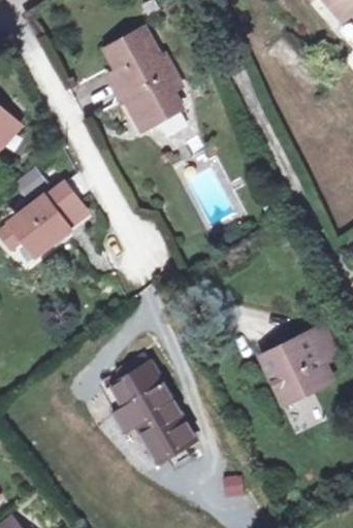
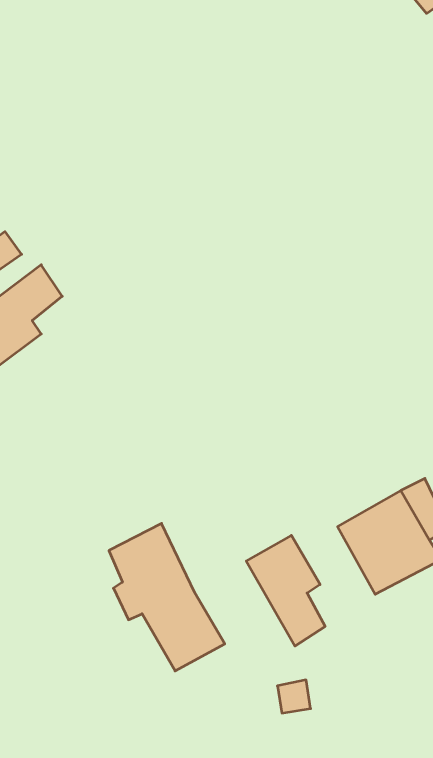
building: [102,34,179,134] -> none
building: none -> [246,535,325,646]

